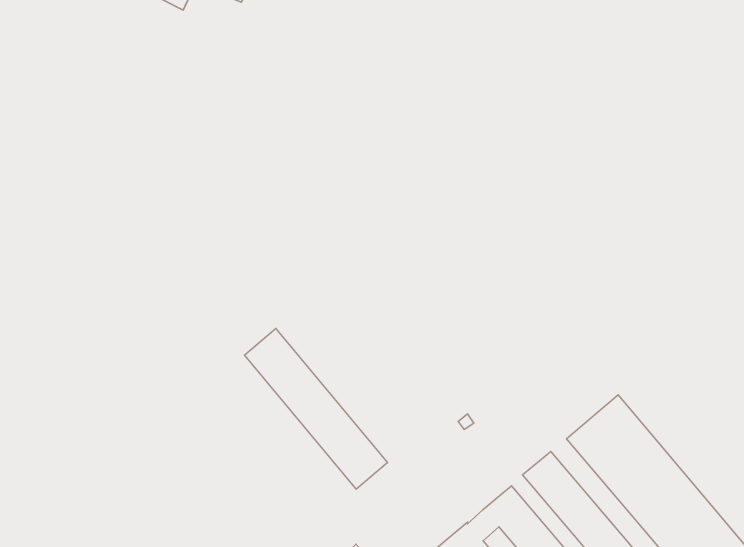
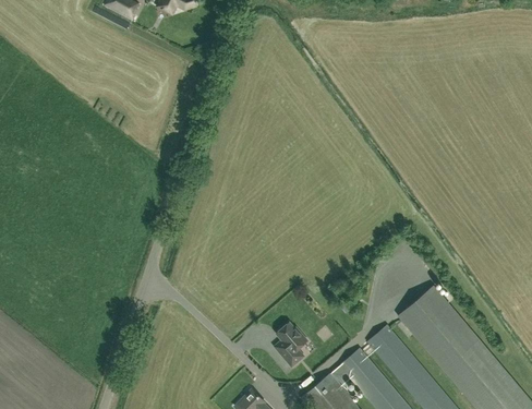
building: [245,329,388,489] -> none
building: none -> [275,323,306,365]

